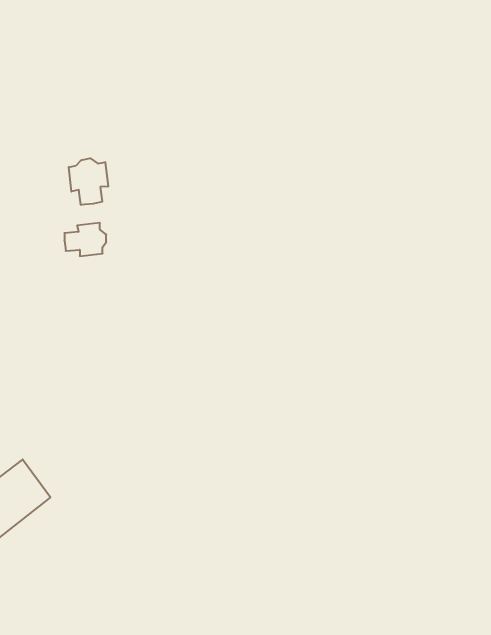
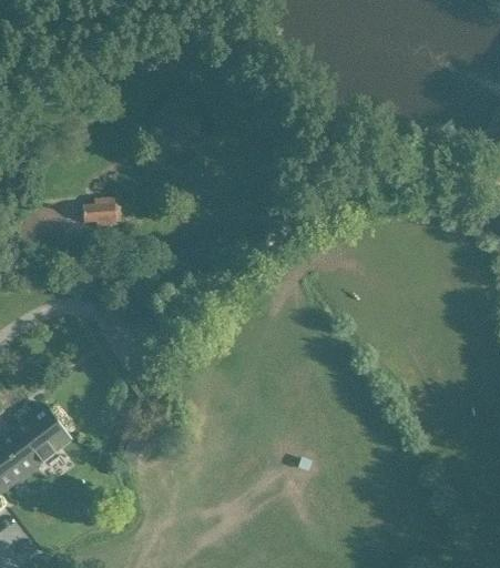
building: [69,158,108,205] -> none

